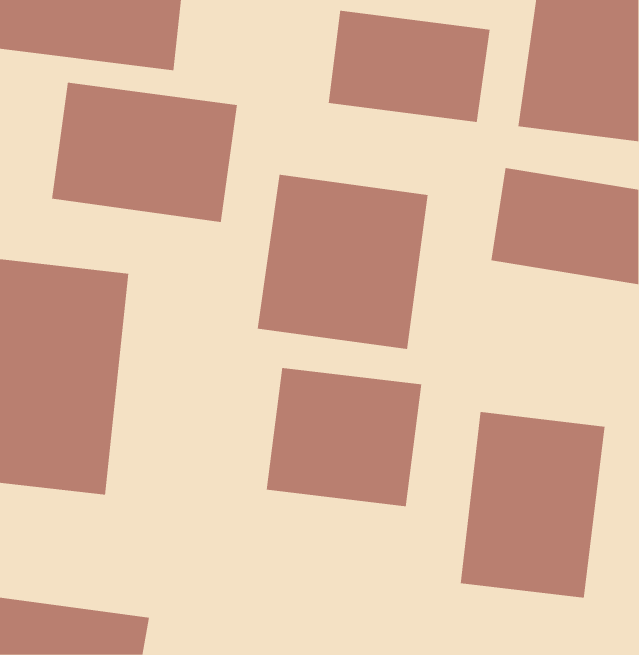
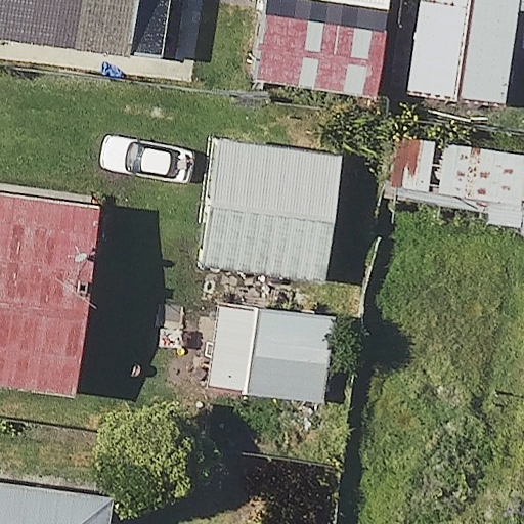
building: [51,82,237,223] -> none
building: [460,411,605,598] -> none

